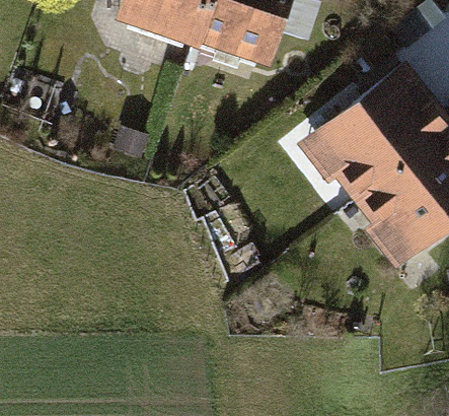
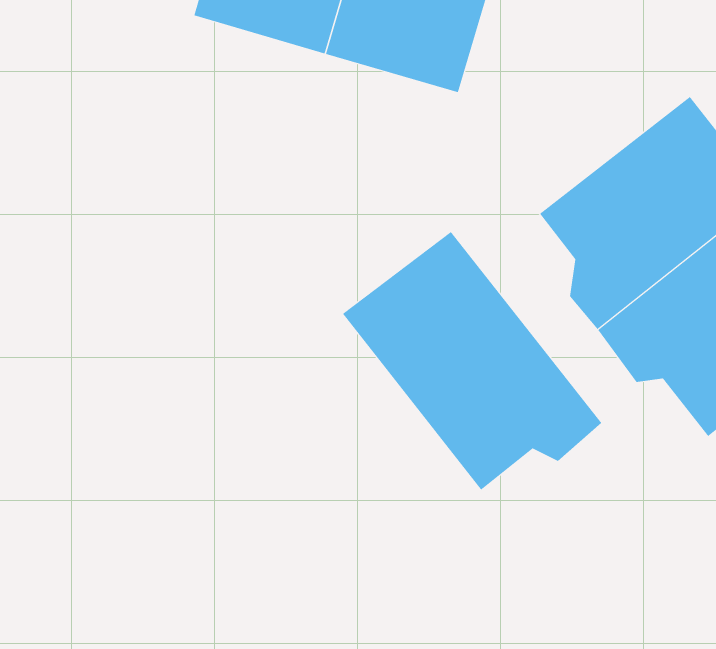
building: none -> [342,231,602,490]

